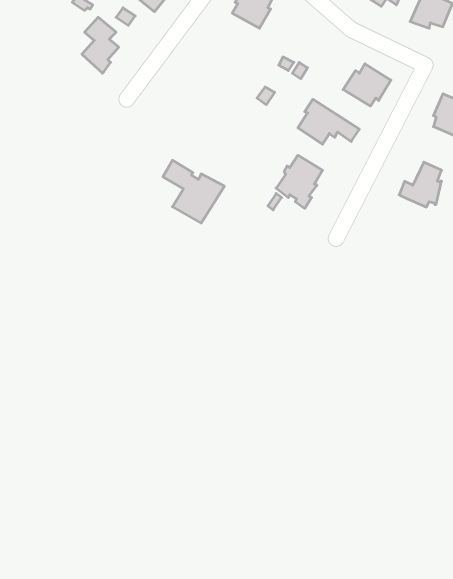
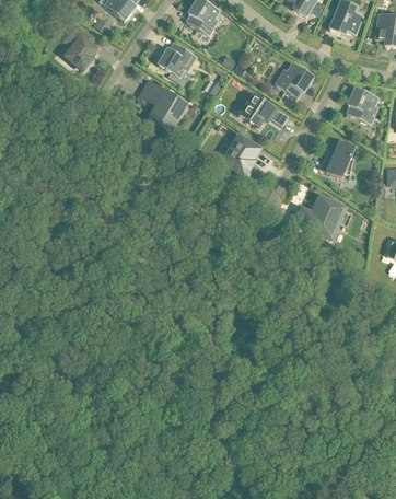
building: none -> [158,42,196,77]
building: [163,160,224,223] -> [139,82,188,132]
building: none -> [295,197,351,237]

